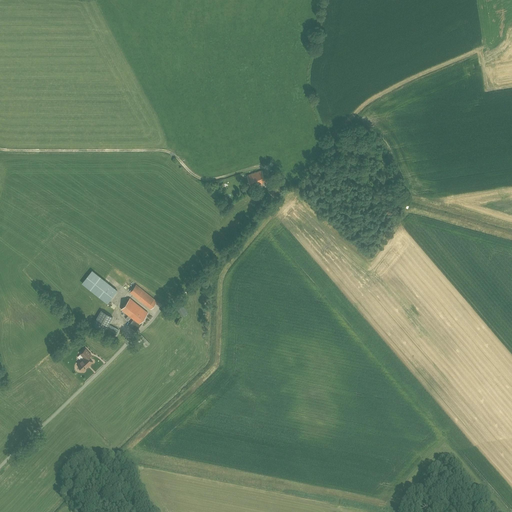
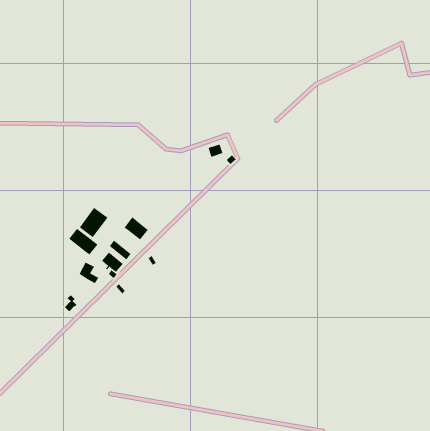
building: none -> [79,207,109,238]
building: none -> [124,216,149,241]

